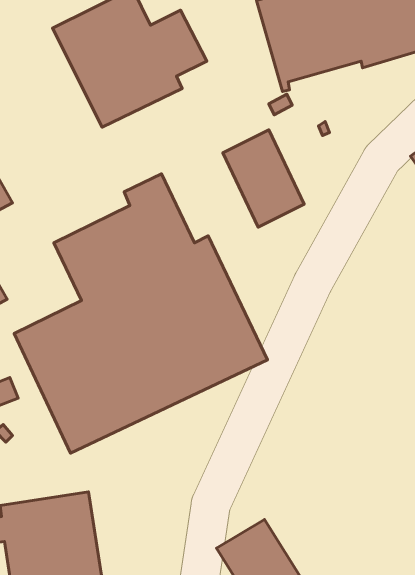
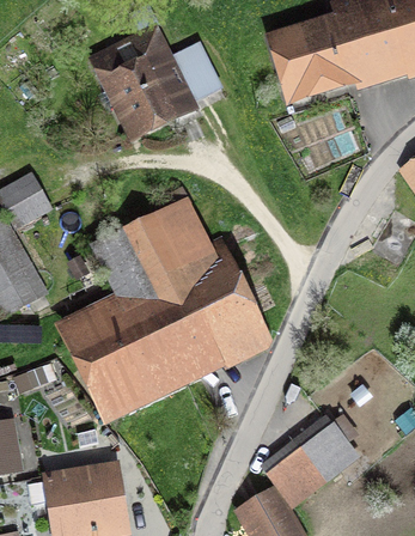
building: [223,130,304,227] -> none
building: none -> [260,412,361,508]

